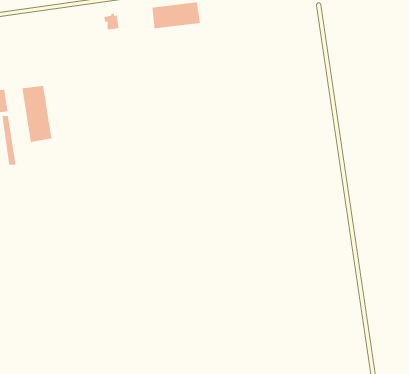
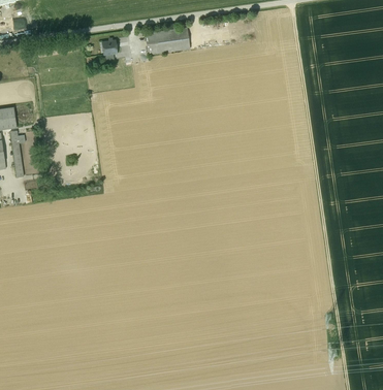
building: [22,85,52,143] -> none

